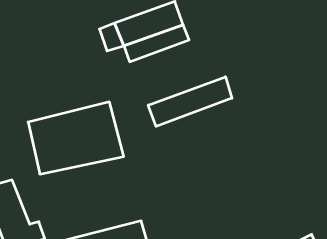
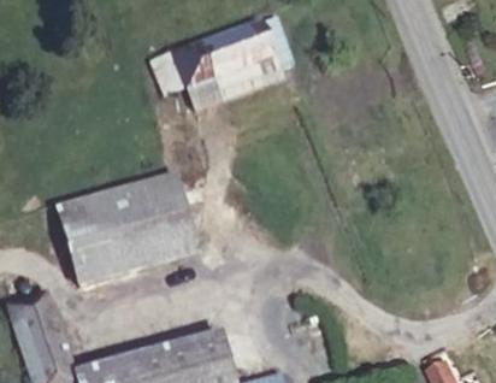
building: [148,77,232,126] -> none

